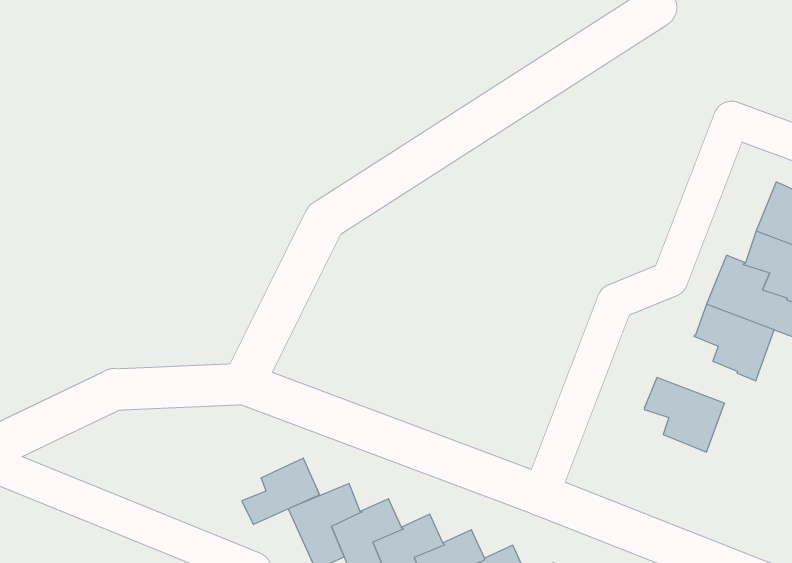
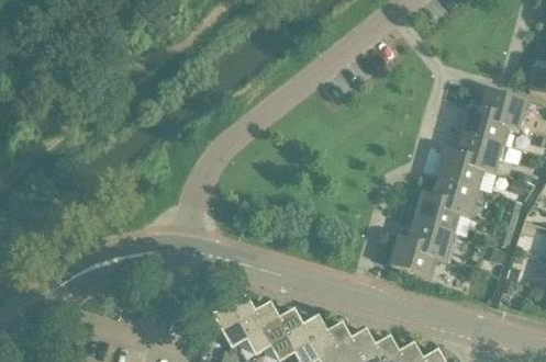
building: none -> [414,192,459,231]
building: none -> [390,235,435,276]
building: [242,458,319,525] -> none

